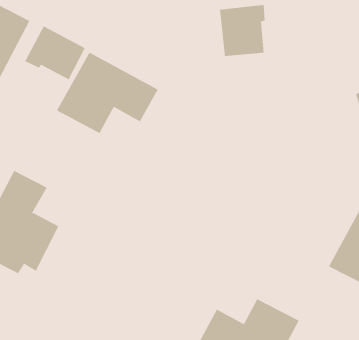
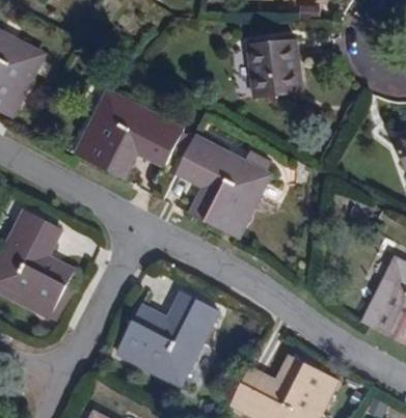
building: [24,26,86,80] -> none
building: none -> [174,134,270,238]
building: none -> [118,299,221,392]

